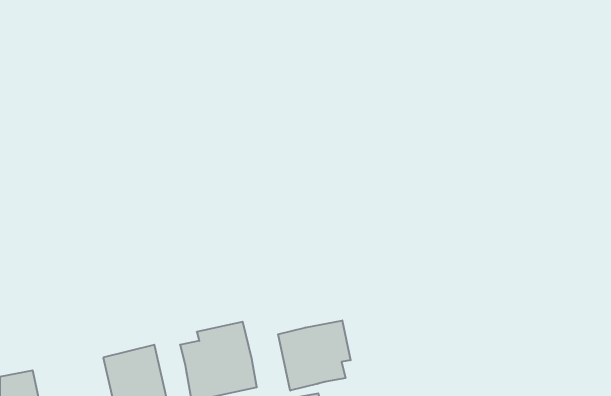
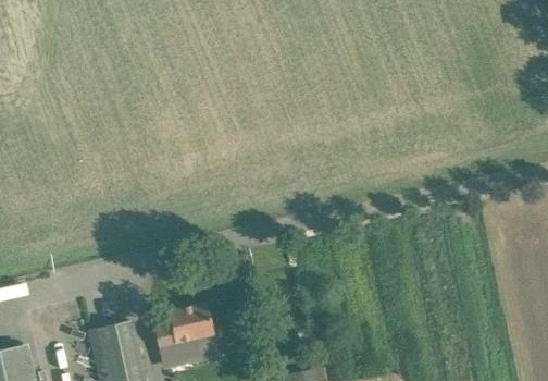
building: [278,320,351,391] -> none

